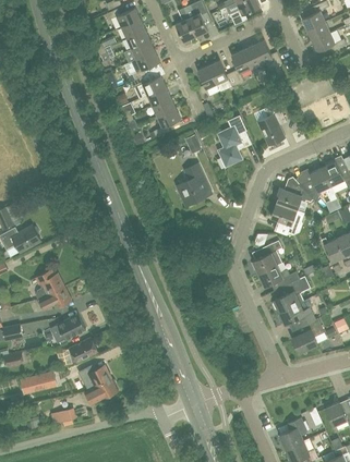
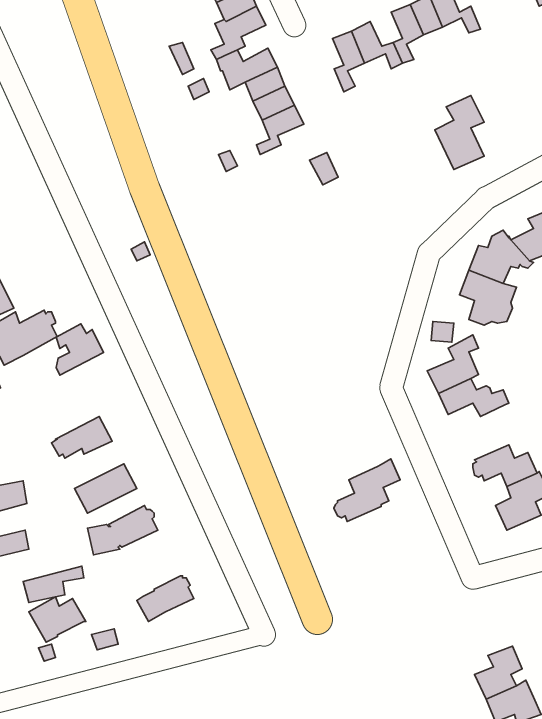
building: [217,117,251,167] -> none
building: [180,163,205,205] -> none
building: [36,270,63,300] -> [56,324,104,375]
building: [271,276,310,312] -> [334,459,400,522]
building: [79,364,111,390] -> [29,597,86,642]

